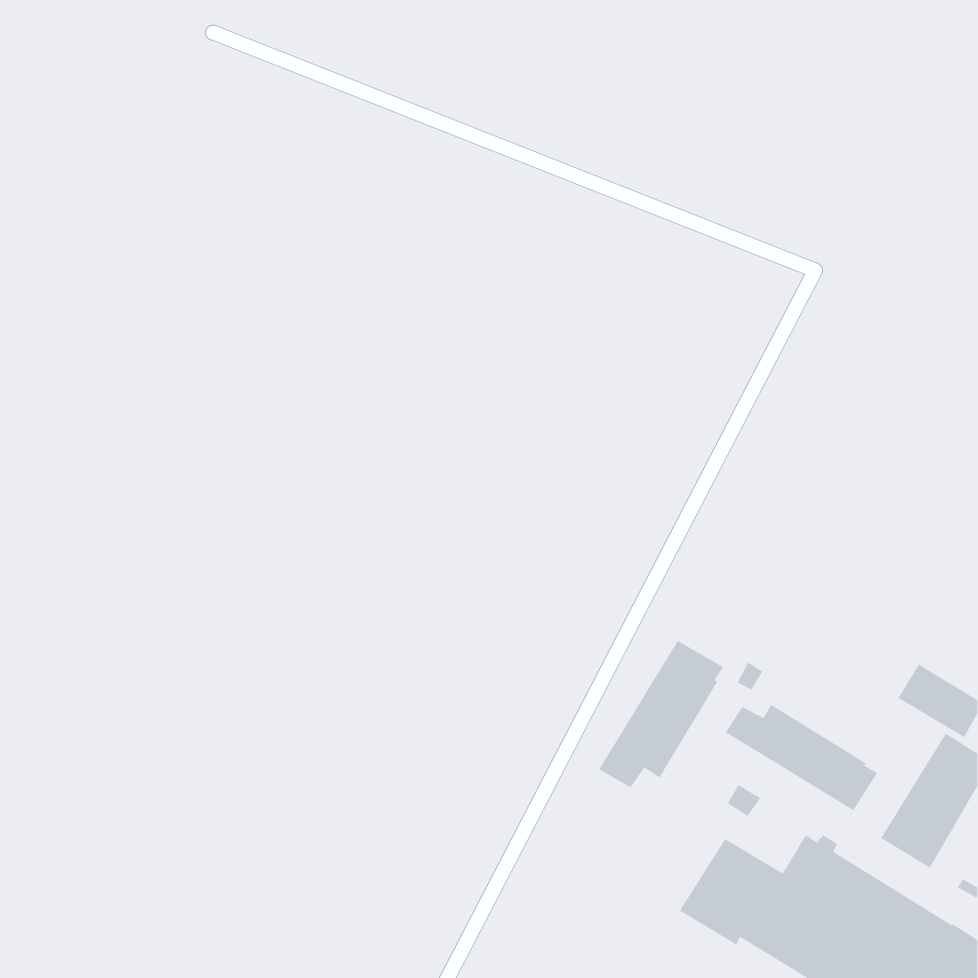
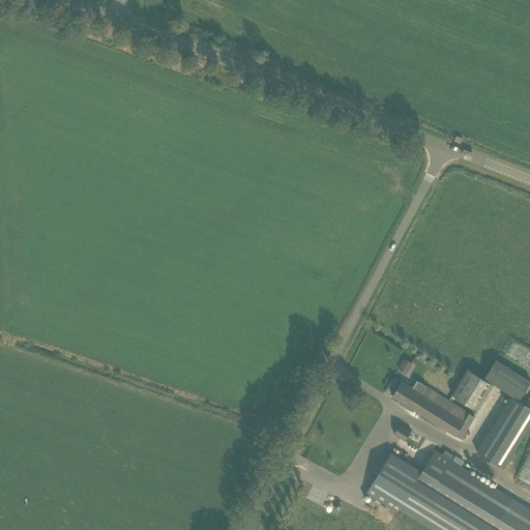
building: [598,640,724,789] -> none
building: none -> [451,369,493,410]

